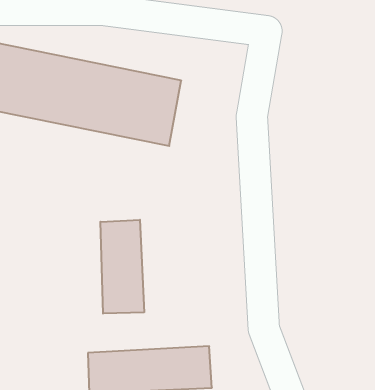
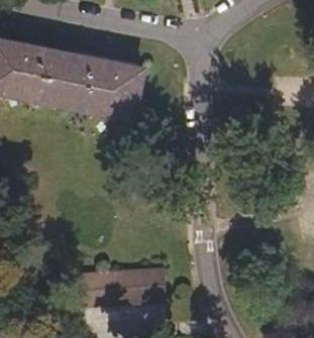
building: [100,220,144,314] -> none

